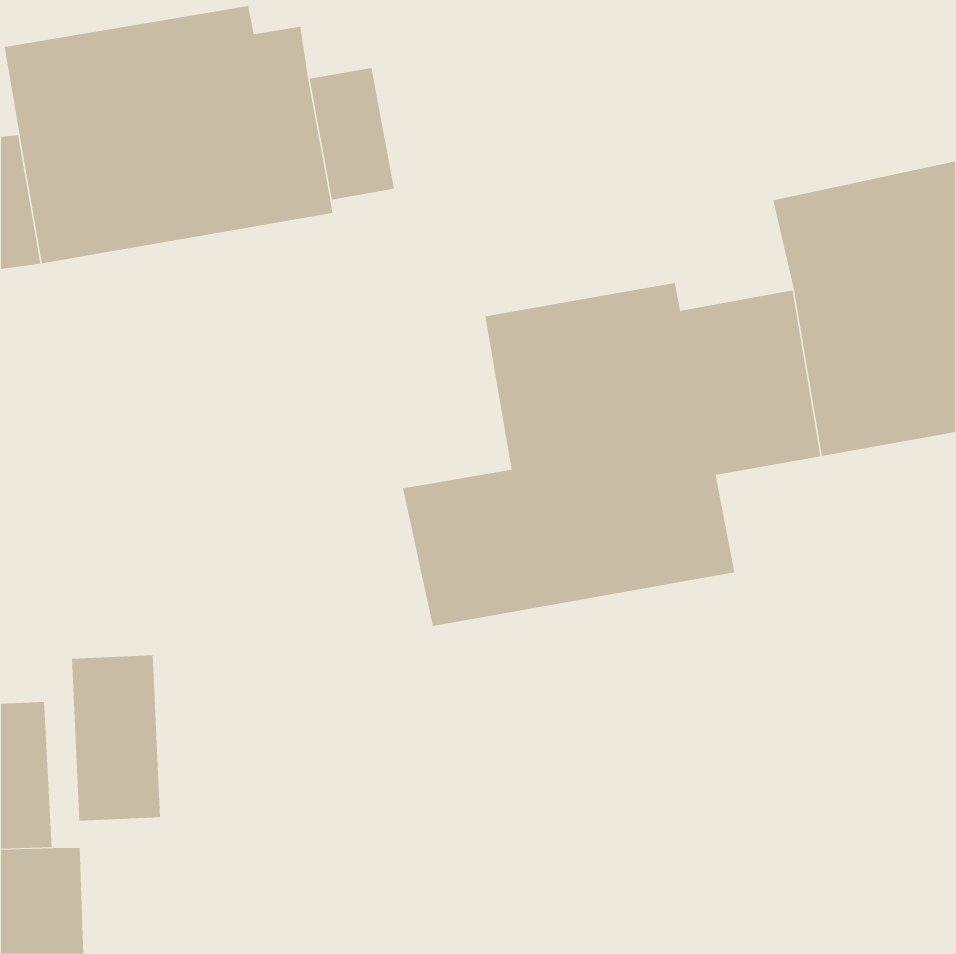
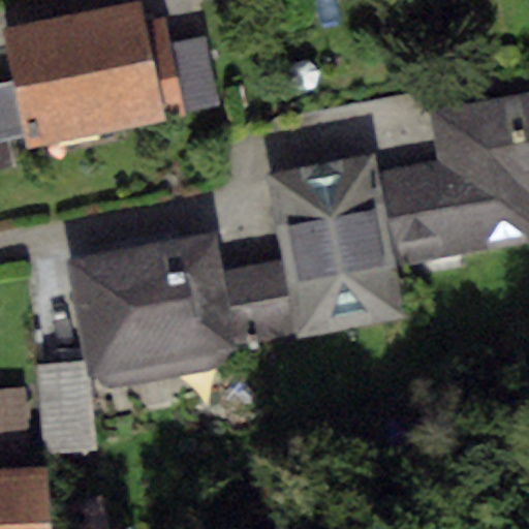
building: none -> [67,232,243,388]

